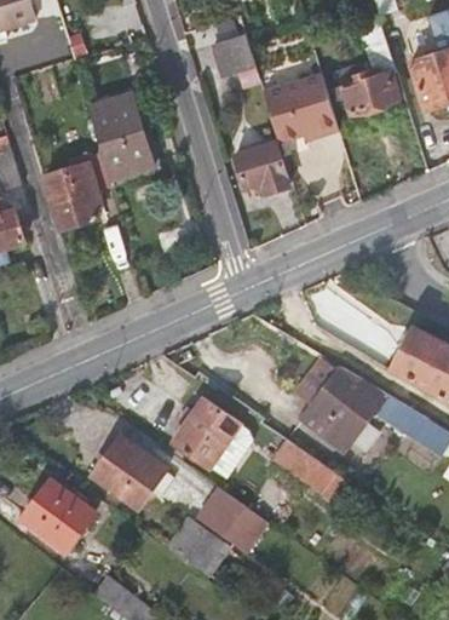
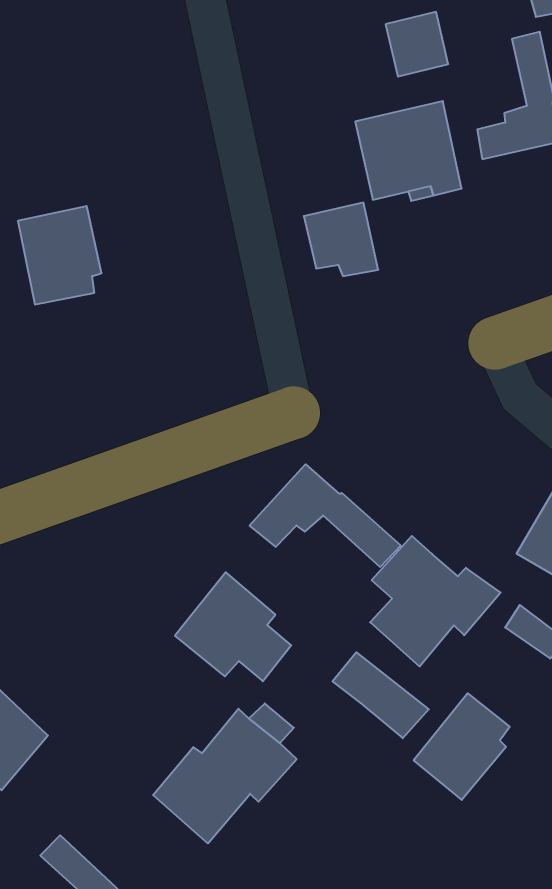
building: [213,34,257,79] -> [386,12,448,77]
building: [87,94,154,180] -> none
building: none -> [250,464,401,567]
building: [93,436,167,510] -> none
building: none -> [414,693,510,800]

